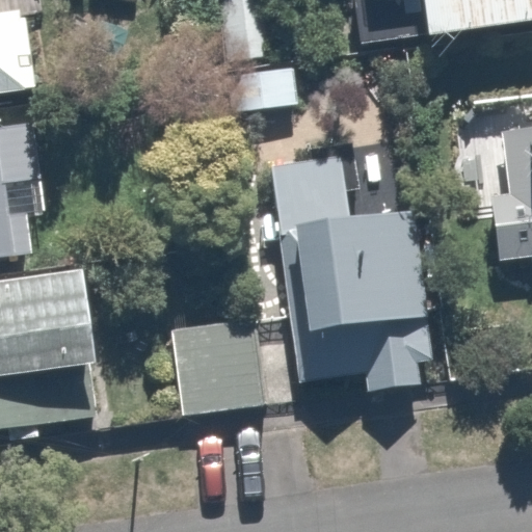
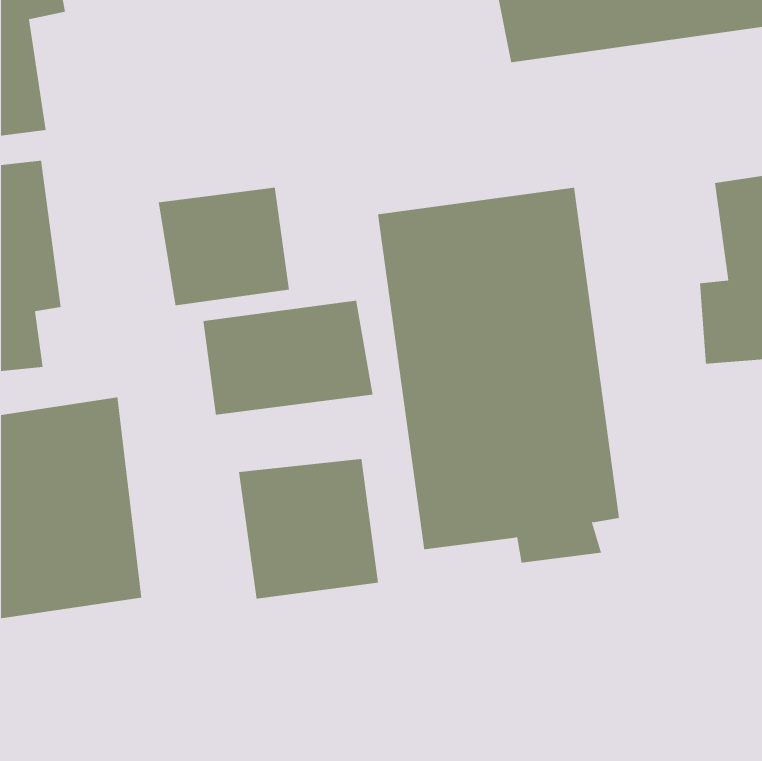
building: none -> [158,187,289,306]
building: none -> [203,300,373,416]

